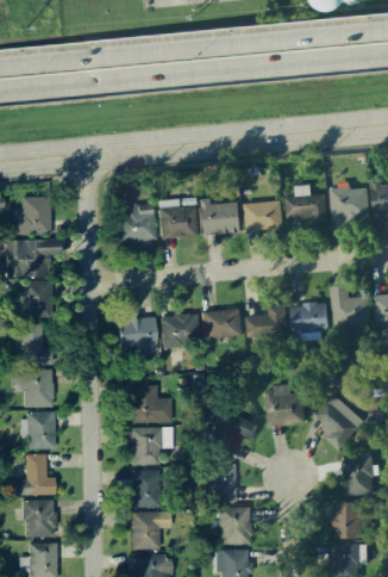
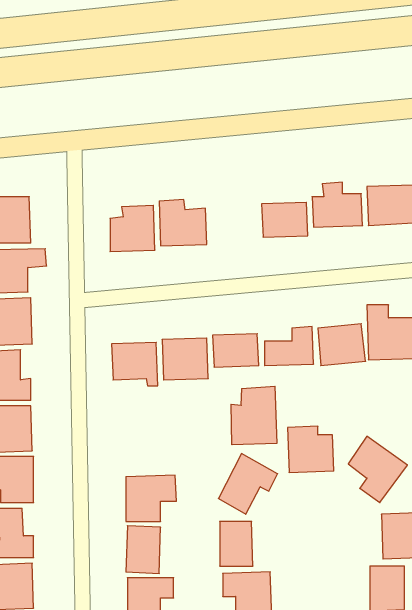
building: [201,199,239,235] -> none
building: none -> [231,386,277,445]
building: [129,385,171,423] -> none

